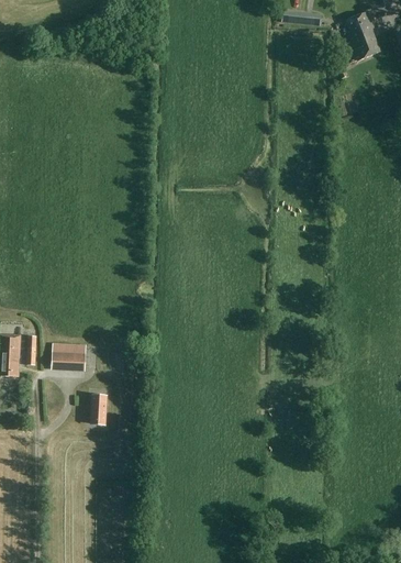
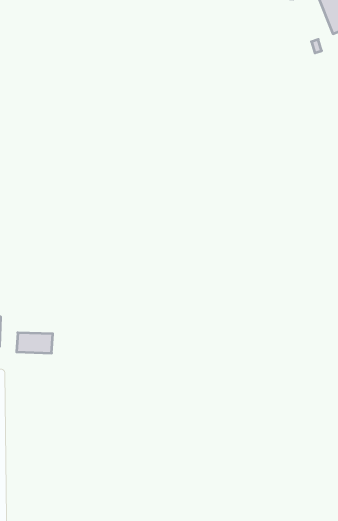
building: [89,394,108,424] -> none

